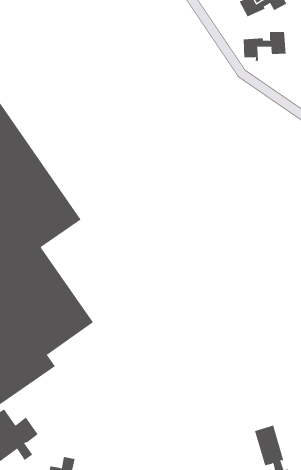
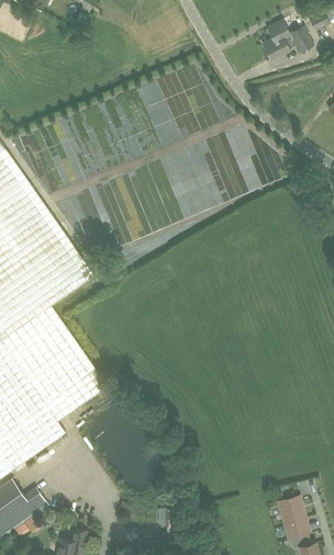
building: [243,31,286,62] -> none

